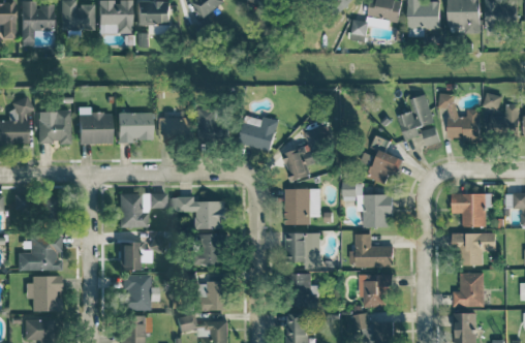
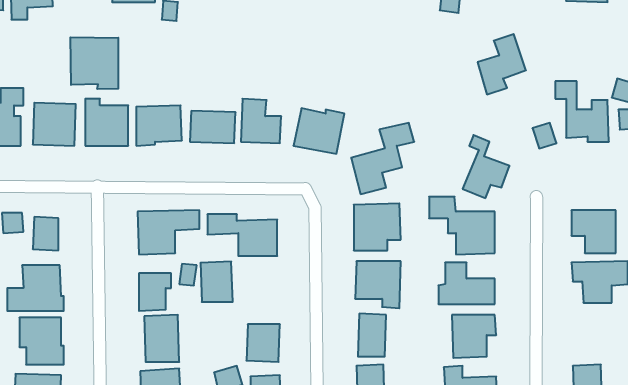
building: none -> [70,37,118,89]
building: [397,94,434,141] -> [478,34,526,94]
building: [198,233,223,264] -> [200,262,233,302]
building: [453,272,484,307] -> none

